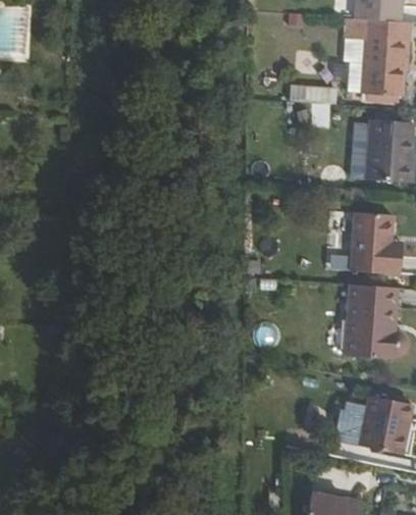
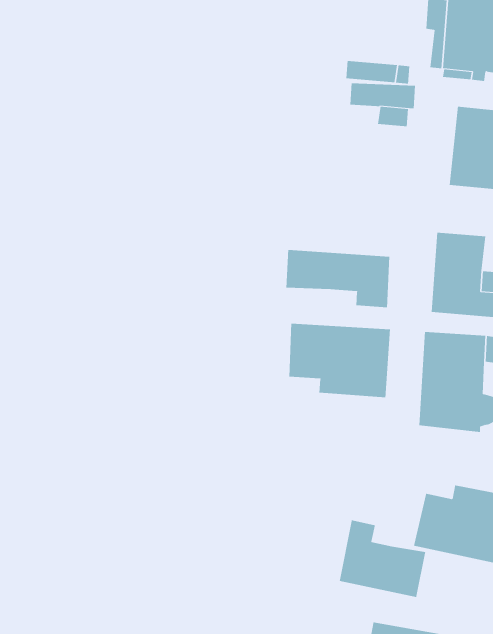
building: none -> [286,249,390,308]
building: none -> [289,323,391,398]
building: none -> [339,519,426,598]

